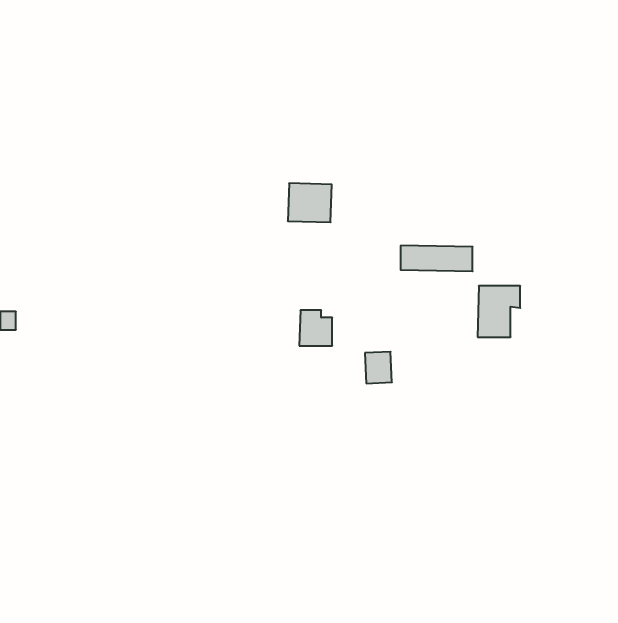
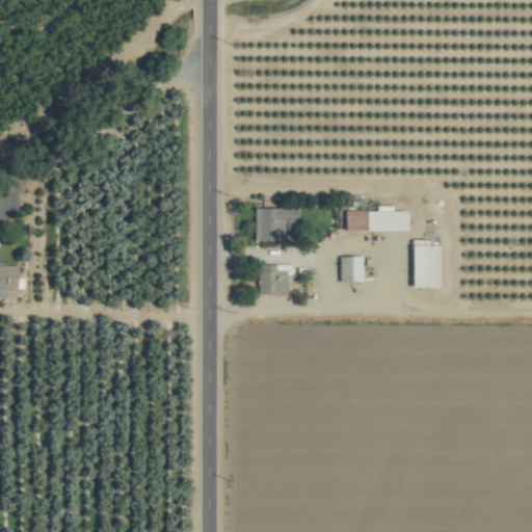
building: [288,183,332,222] -> [256,208,293,241]
building: [365,352,392,383] -> [342,256,365,283]

